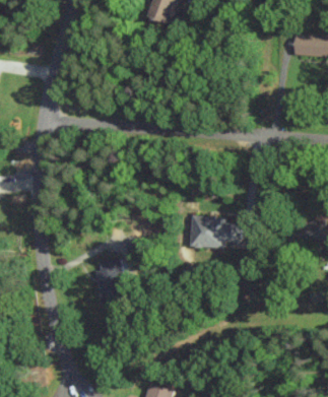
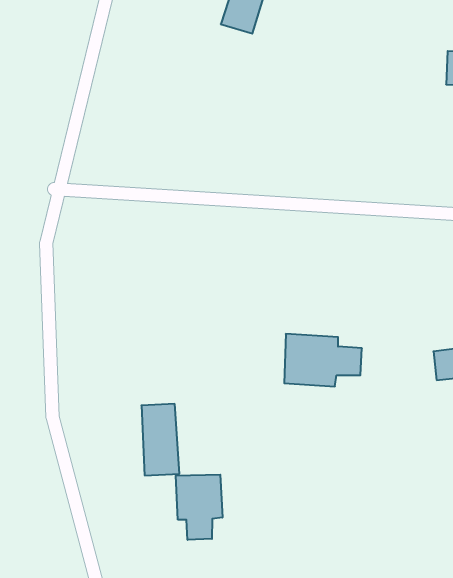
building: none -> [176,475,222,540]

